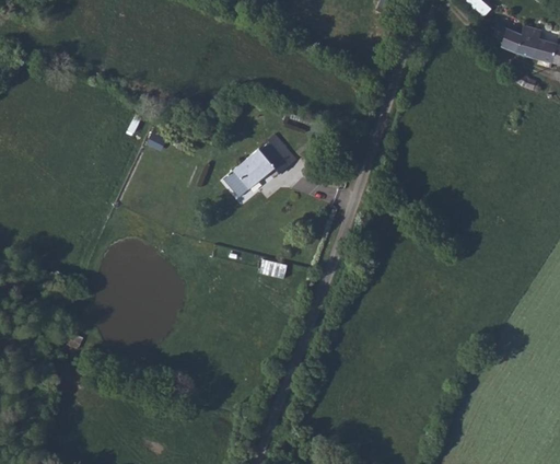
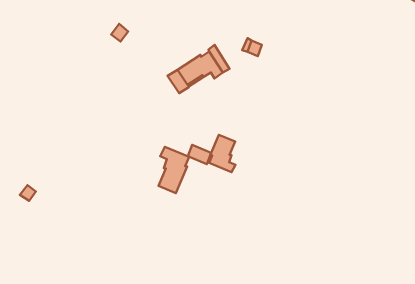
building: none -> [209,135,236,172]
building: none -> [159,147,189,193]

